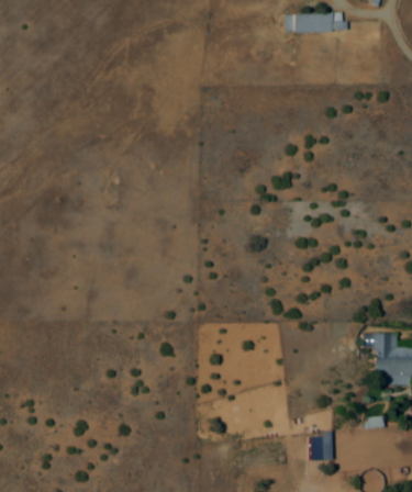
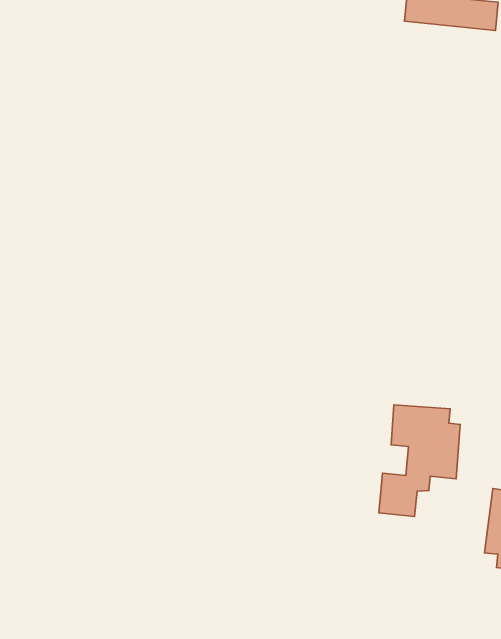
building: none -> [379,405,460,516]

